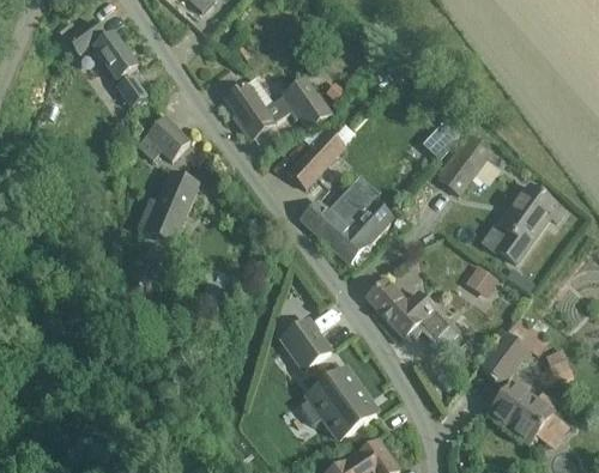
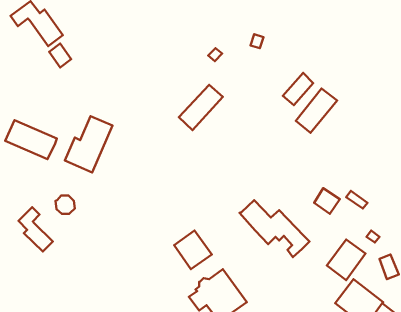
building: [226,77,328,137] -> none
building: [137,117,188,160] -> none
building: none -> [5,120,57,159]
building: [300,178,392,260] -> none
building: [494,184,565,267] -> none
building: none -> [19,207,53,252]

